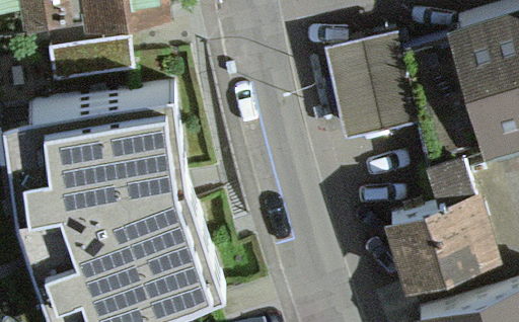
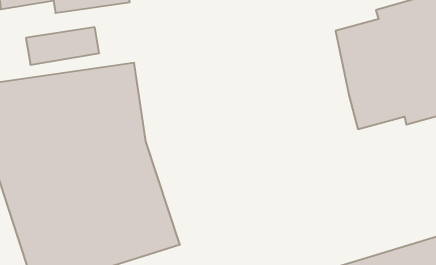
building: [327,30,419,140] -> none
building: [381,152,503,294] -> none

